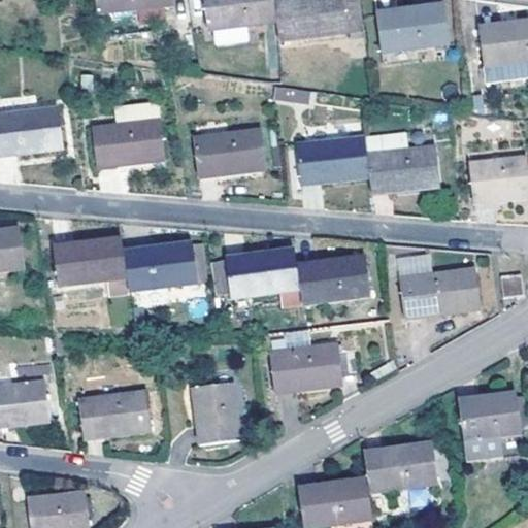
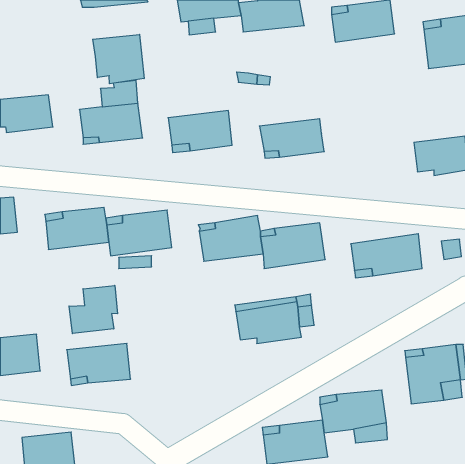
building: none -> [93,34,144,84]
building: [365,146,438,190] -> none
building: none -> [69,285,117,334]
building: [192,384,238,443] -> none

